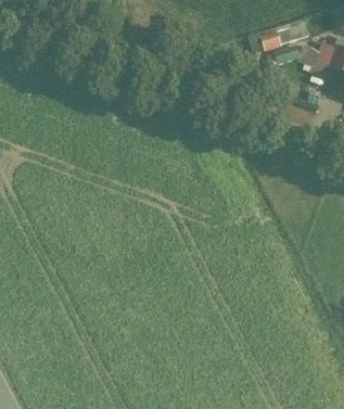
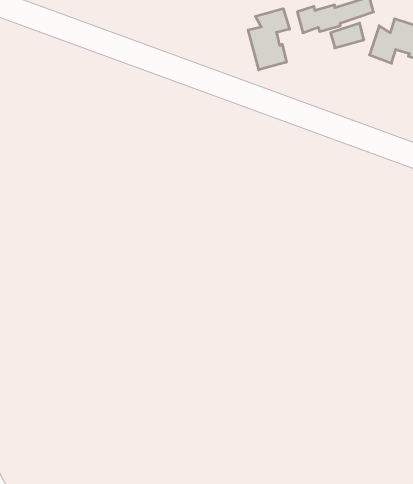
building: none -> [248,9,290,70]

